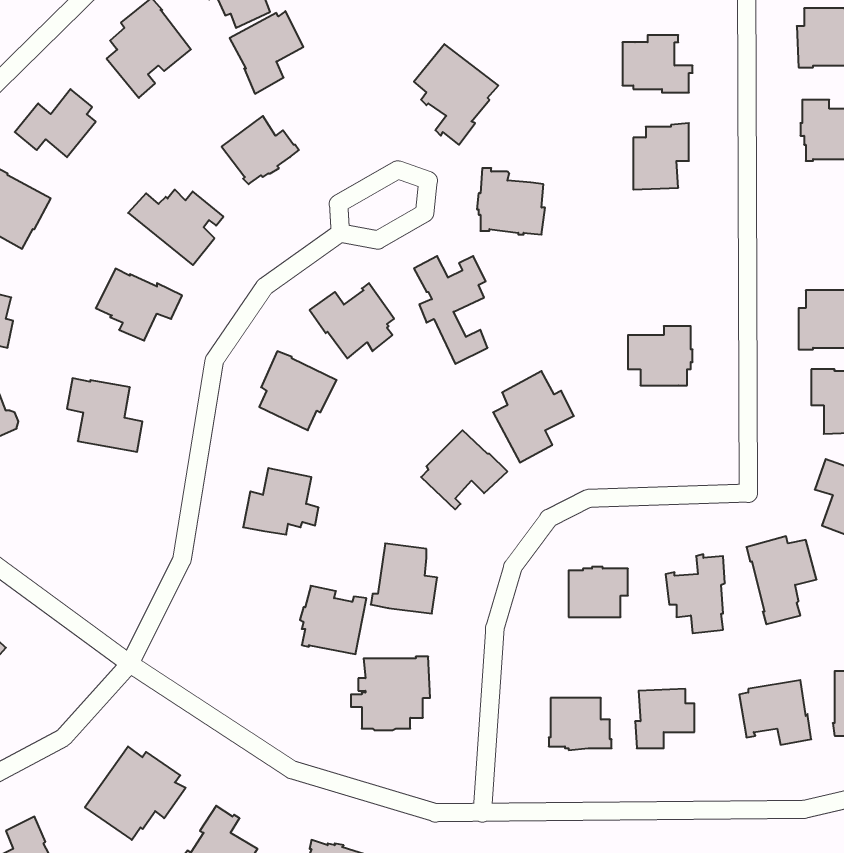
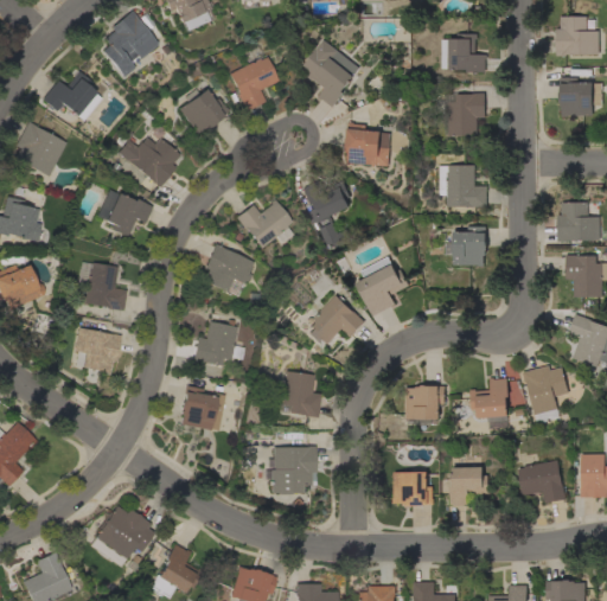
building: [230,11,303,94] -> [229,56,277,110]
building: none -> [441,165,488,207]
building: none -> [74,327,121,372]
building: [300,586,366,654] -> [179,385,223,430]

